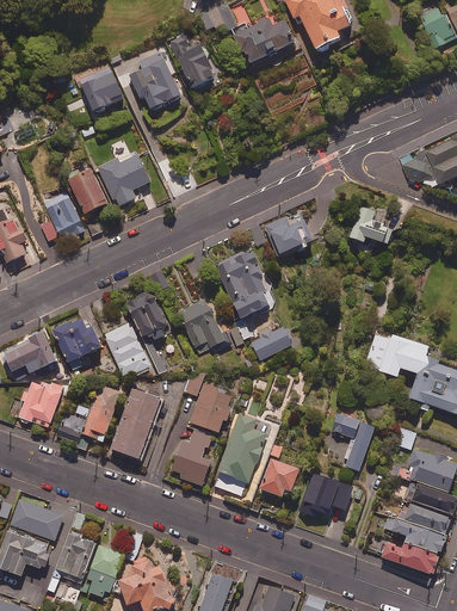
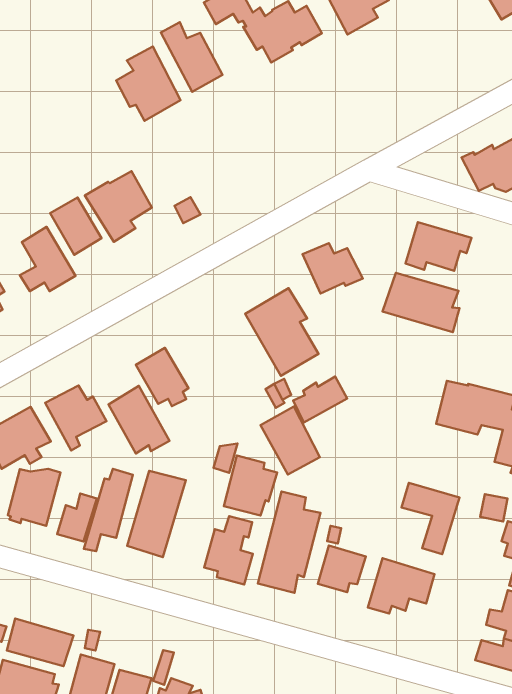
building: [78,69,121,112] -> none
building: none -> [383,273,459,332]
building: [178,298,223,352] -> [260,406,320,474]

